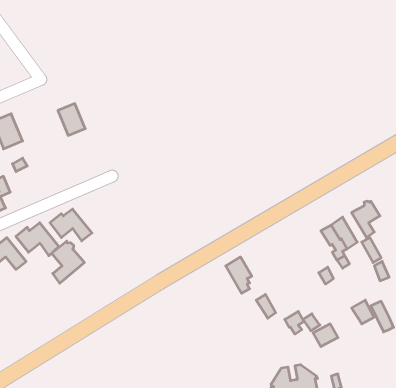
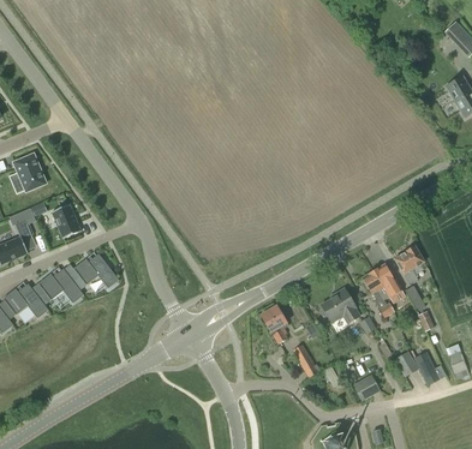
building: [58,104,85,135] -> [50,204,79,238]
building: none -> [318,287,358,323]
building: [52,241,84,283] -> none

